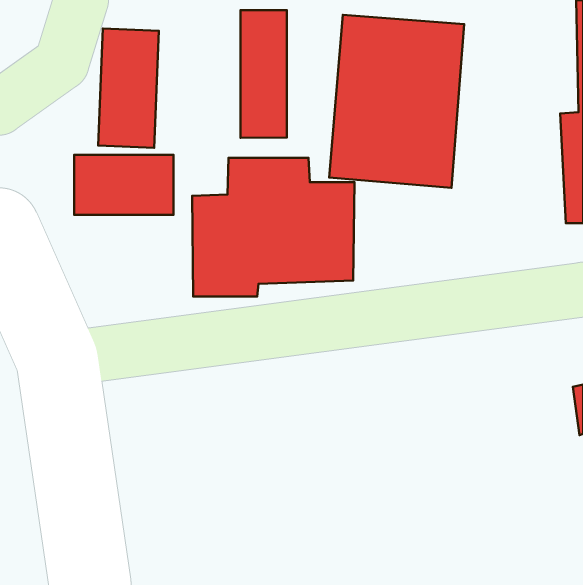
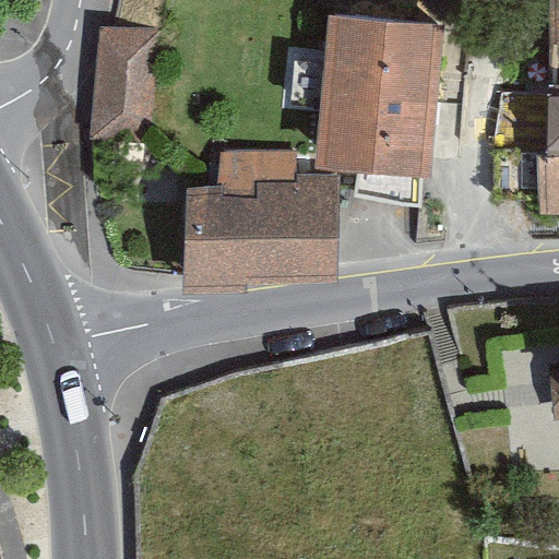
building: [241,10,287,138] -> none
building: [74,155,173,215] -> none

